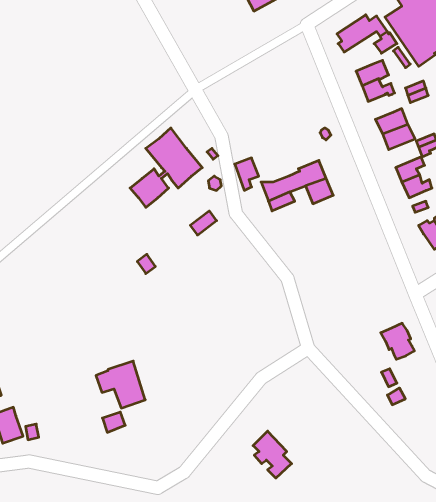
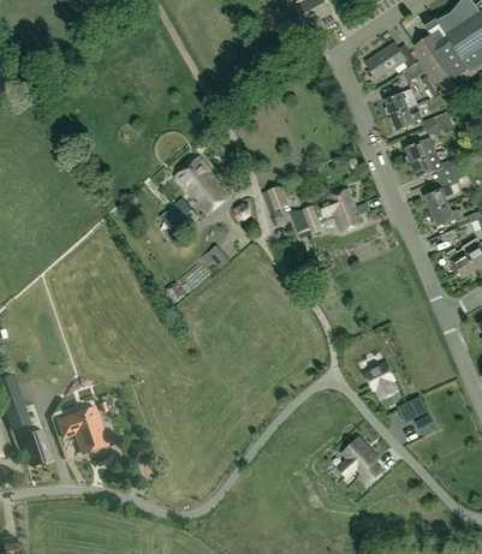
building: [381,323,414,359] -> [364,363,398,399]
building: [96,361,145,408] -> [58,406,107,453]
building: [253,431,292,478] -> [344,437,382,484]

